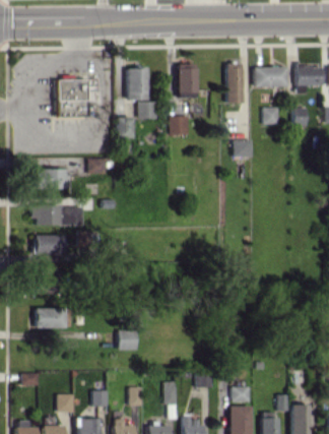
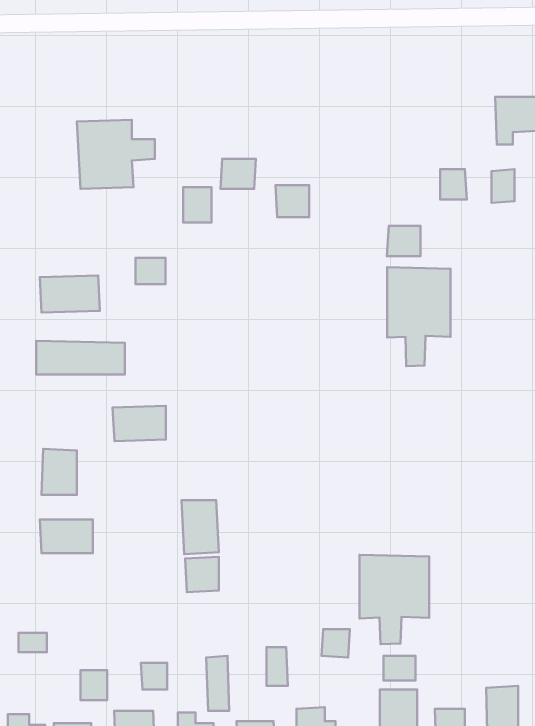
building: [225,63,243,103] -> none
building: [178,64,197,98] -> none
building: [254,66,287,86] -> none
building: [128,67,147,100] -> none
building: none -> [387,267,451,366]
building: [34,234,64,254] -> [113,406,166,441]
building: none -> [181,500,219,554]
building: none -> [359,555,429,644]

